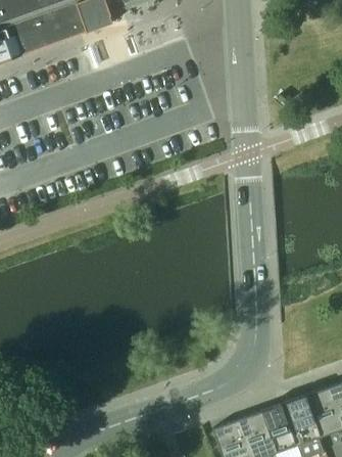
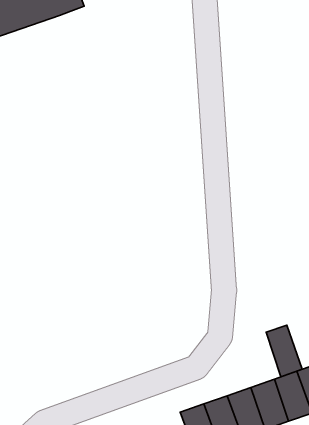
building: none -> [266,325,302,377]

